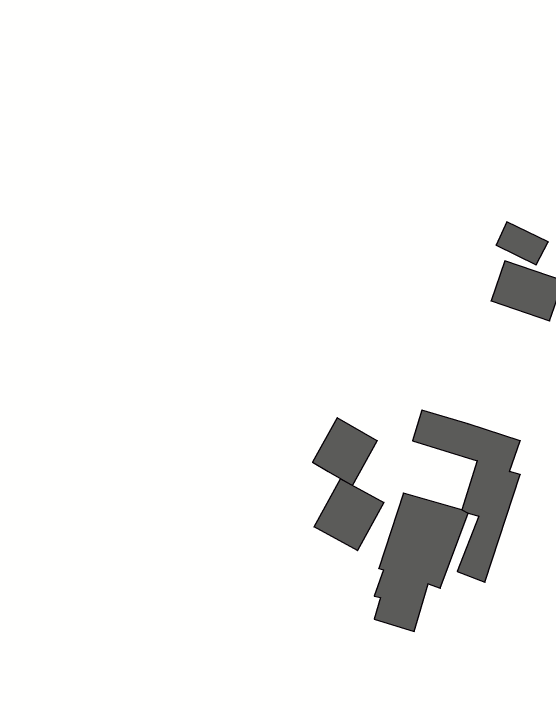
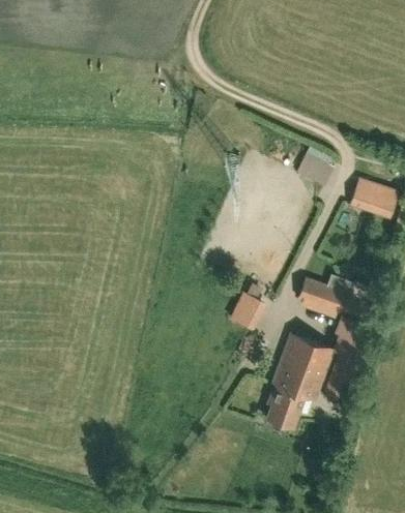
building: [496,222,548,265] -> [297,155,332,184]
building: [314,479,384,551] -> none

